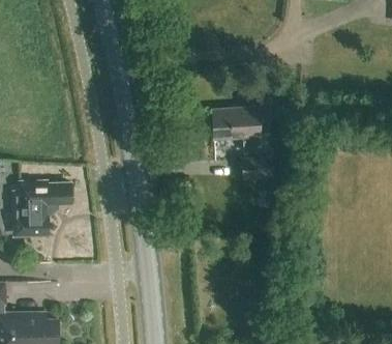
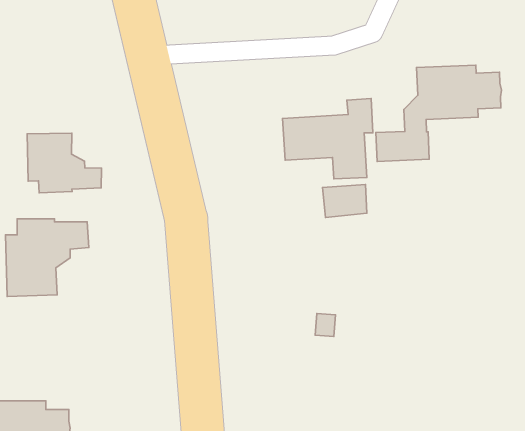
building: none -> [376,65,502,161]
building: none -> [27,133,102,193]

